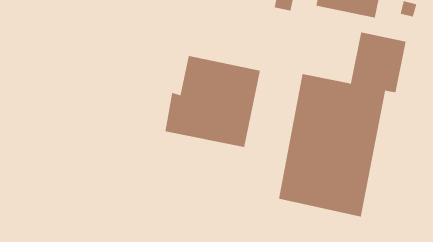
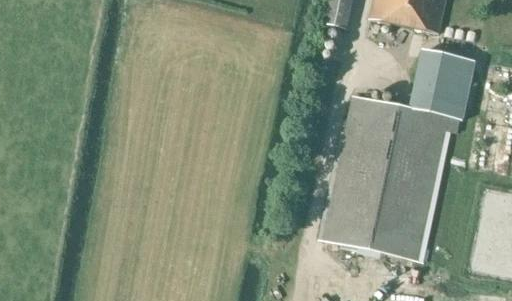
building: [165,55,261,148] -> none

